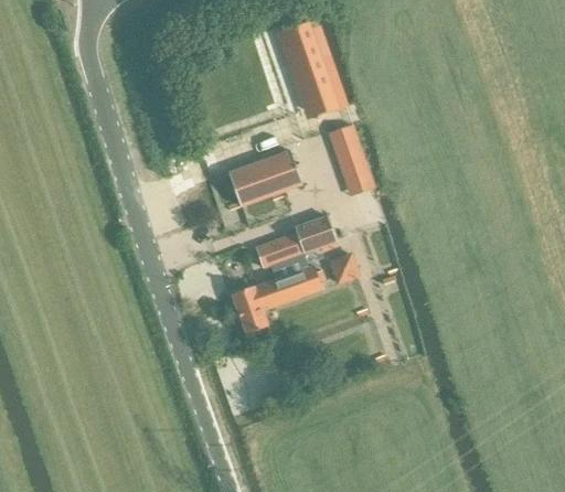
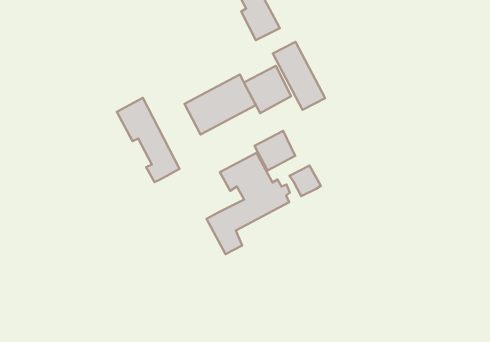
building: none -> [244,66,291,113]
building: none -> [117,98,179,182]

